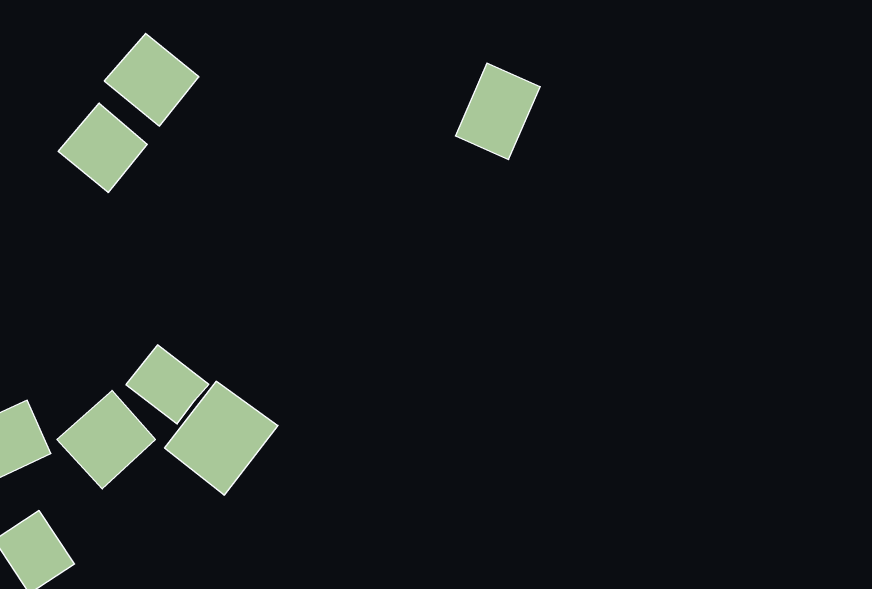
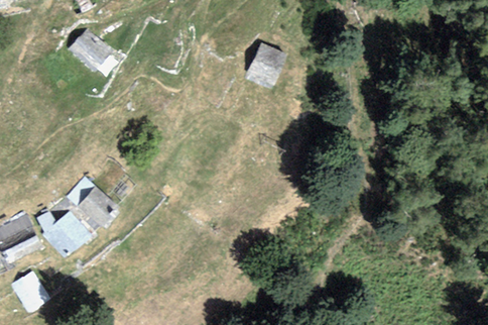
building: [58,103,147,193] -> none
building: [165,381,278,495] -> none

